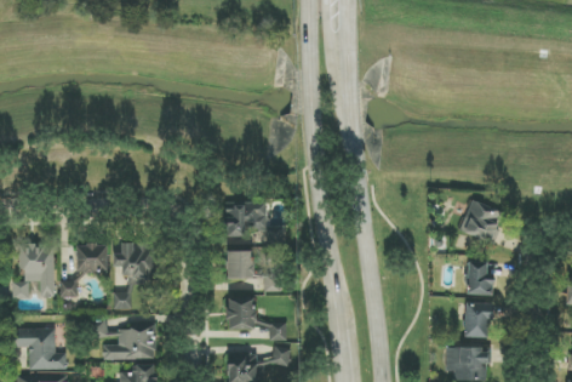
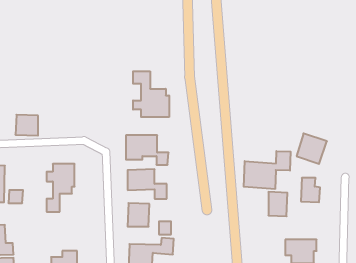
building: none -> [133,71,169,117]
building: none -> [244,151,291,189]
building: [75,244,107,273] -> [15,115,38,136]
building: [464,303,491,337] -> [268,192,287,216]
building: [102,323,156,359] -> none

